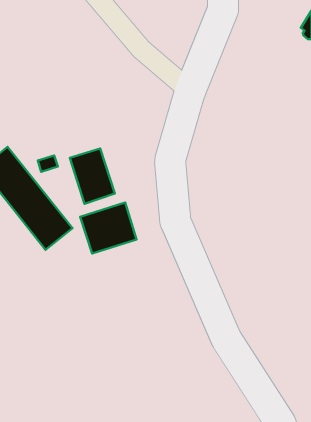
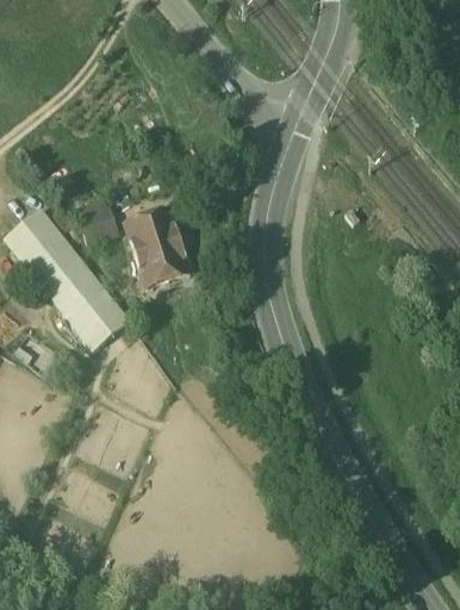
building: [80,203,136,253] -> none

